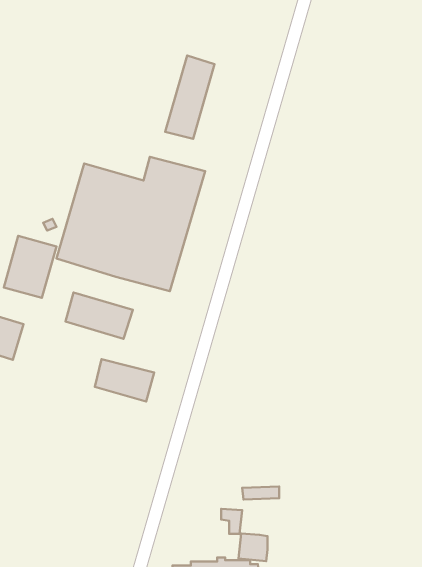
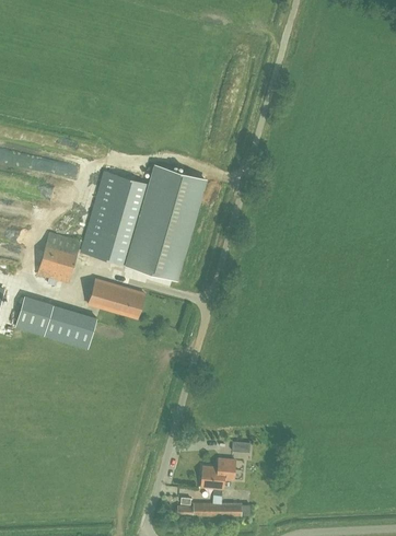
building: [165,56,215,139] -> none
building: [95,359,154,401] -> [46,313,95,348]
building: [238,534,267,561] -> [199,466,223,489]

